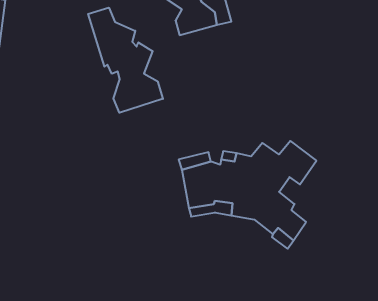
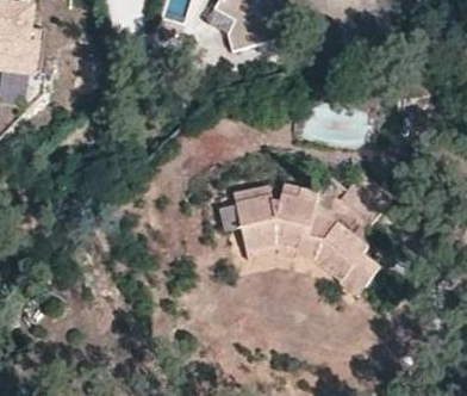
building: [88,8,163,113] -> none

